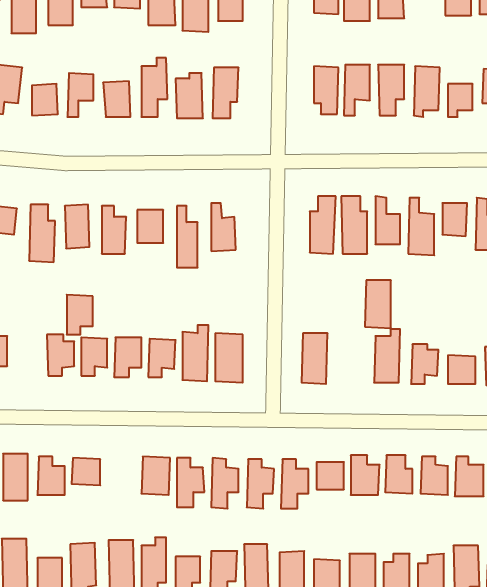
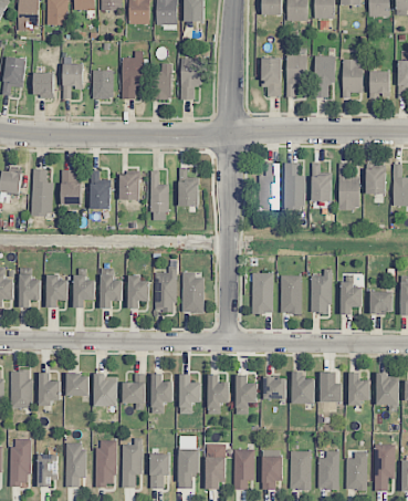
building: [365,280,391,328] -> [281,275,302,314]
building: [67,295,93,335] -> [20,275,41,307]
building: none -> [94,373,118,407]

